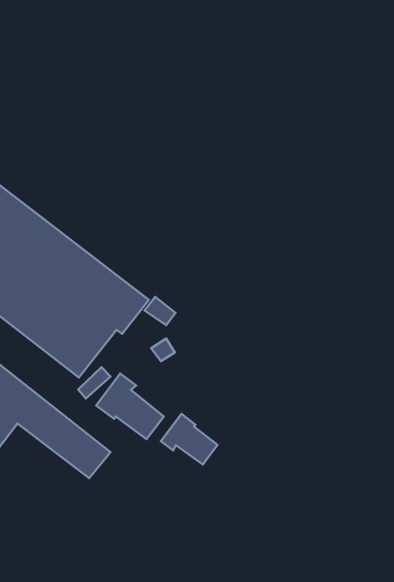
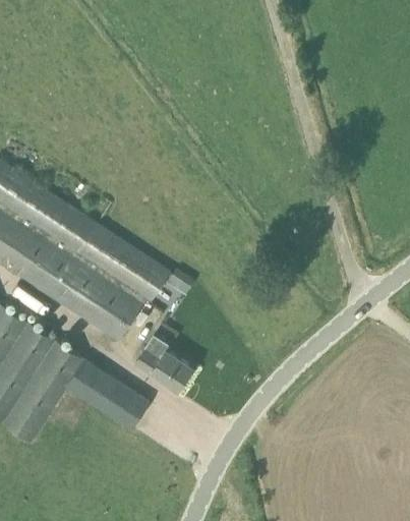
building: [161,414,218,464] -> none

